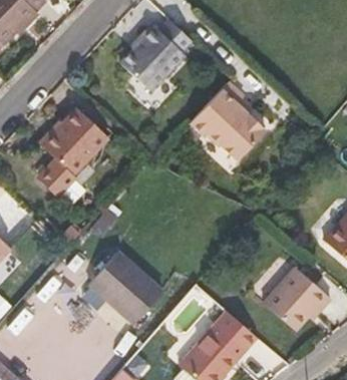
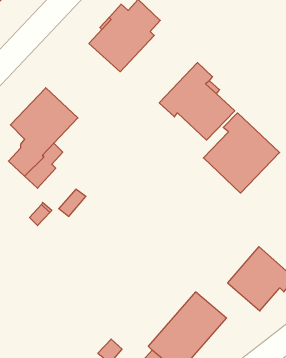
building: none -> [203,113,280,193]
building: [88,251,163,324] -> none

